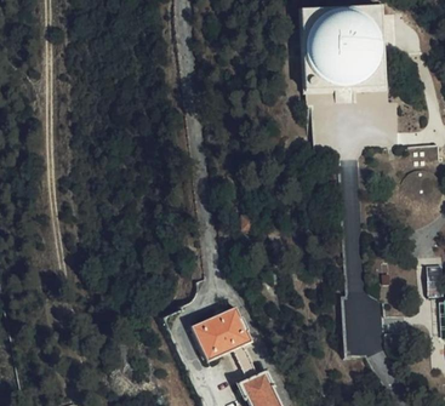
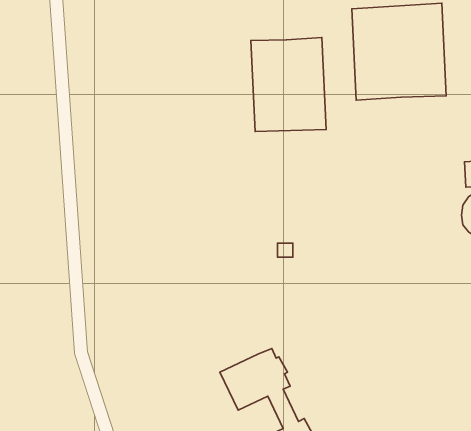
building: none -> [251,37,326,131]

